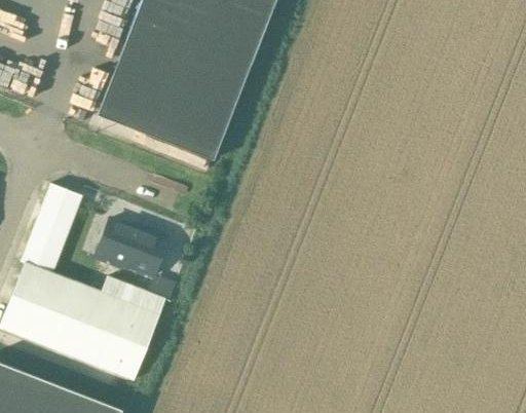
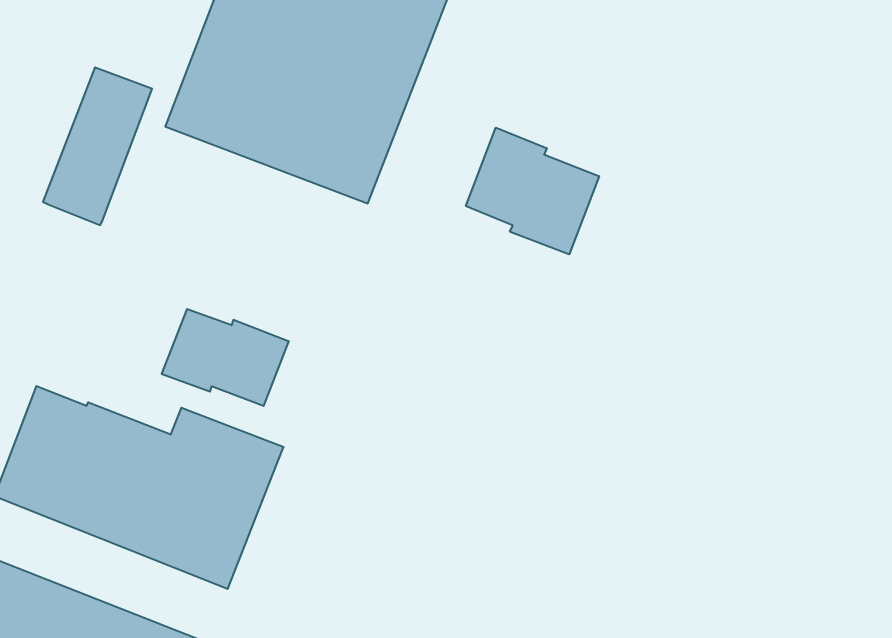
building: none -> [466,128,599,254]
building: [20,185,82,275] -> [43,67,152,225]

